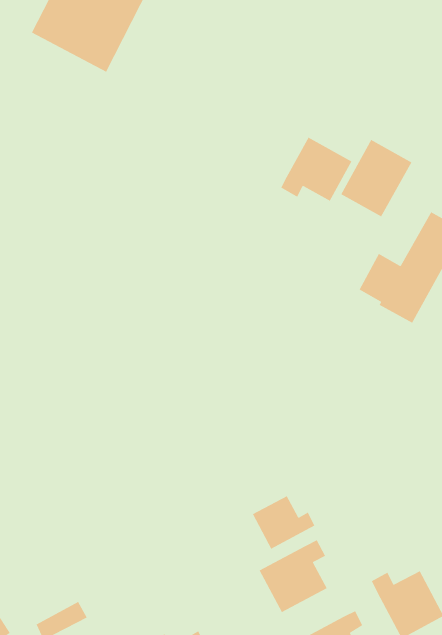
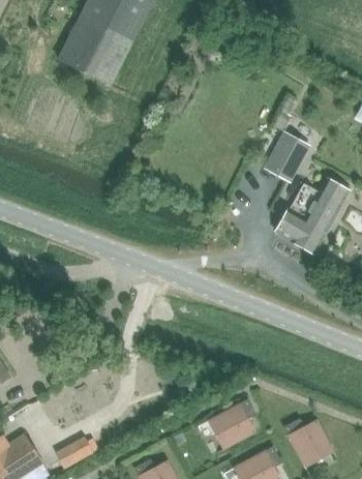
building: [280,136,353,202] -> none
building: [252,495,316,550] -> none

